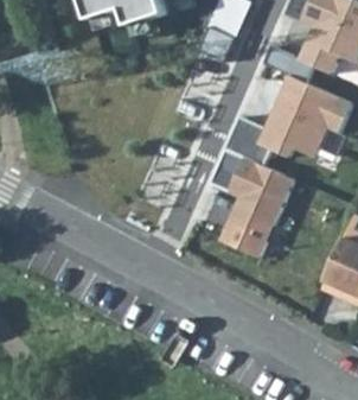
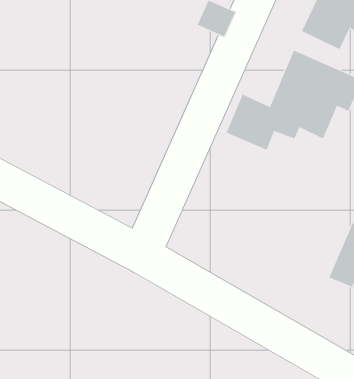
building: [212,152,294,255] -> none

